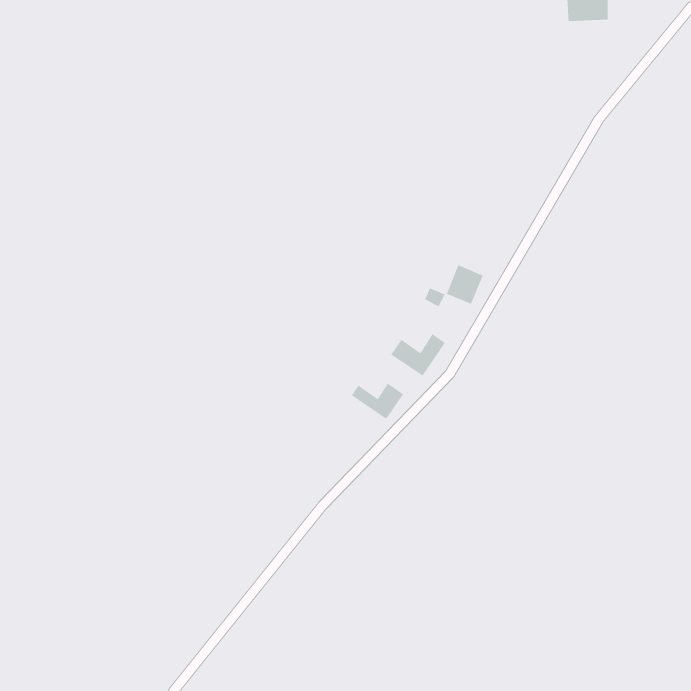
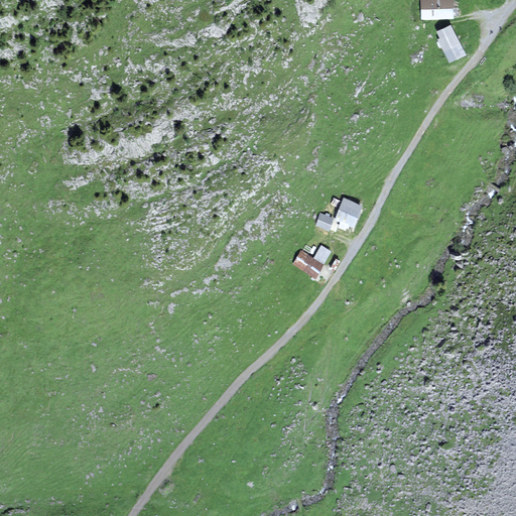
building: none -> [436,25,465,60]
building: [351,383,404,420] -> none

